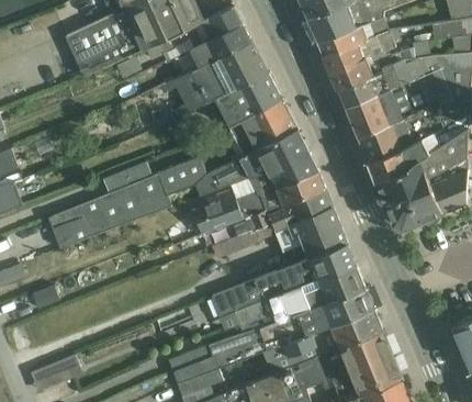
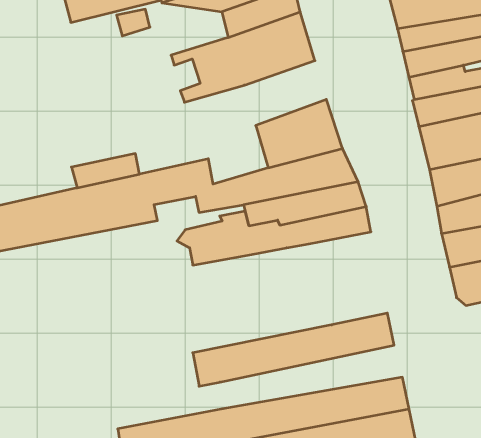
building: [215,72,276,126] -> none
building: [210,188,346,259] -> none
building: [235,266,364,333] -> none

